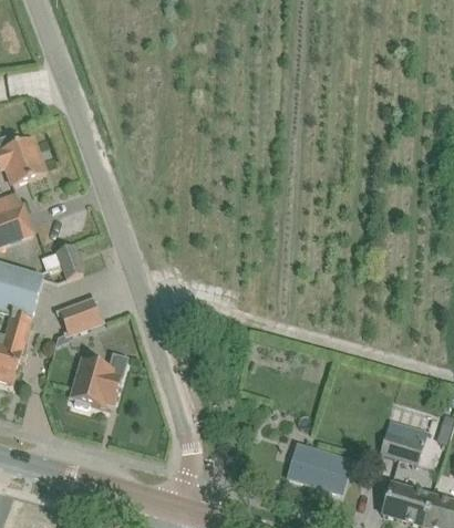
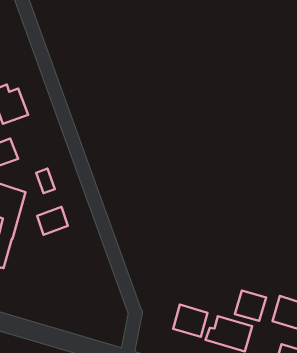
building: [71,354,125,406] -> none
building: none -> [235,291,266,321]
building: none -> [173,305,207,337]

